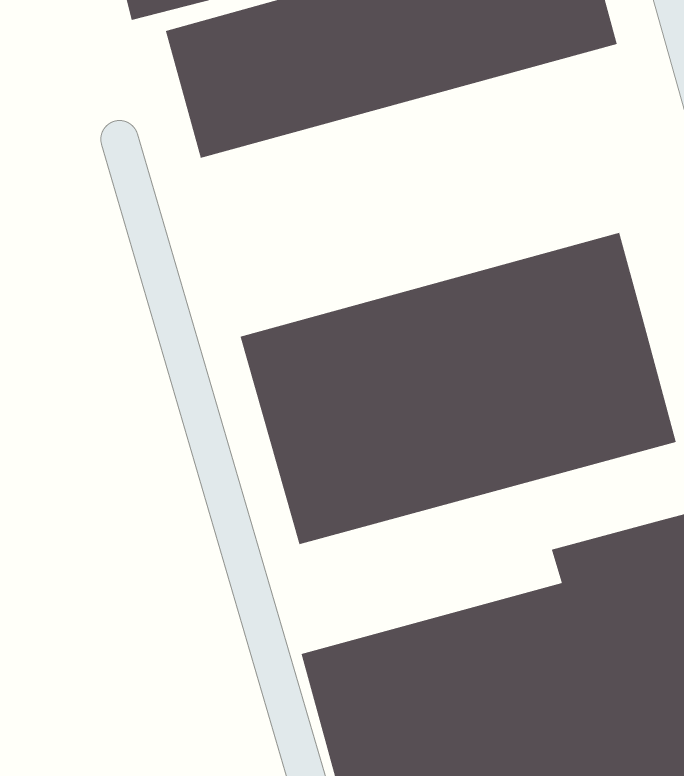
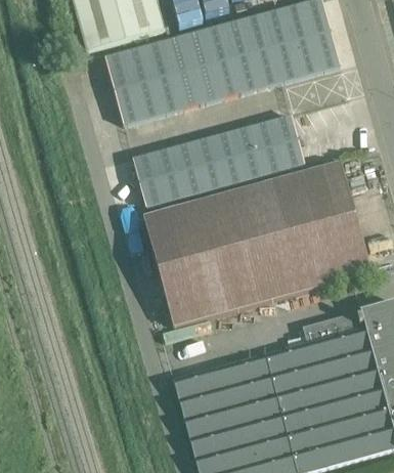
building: none -> [131,115,304,207]

